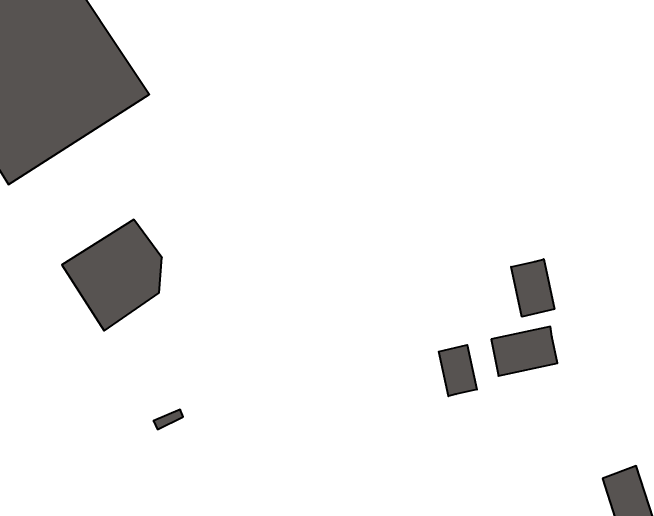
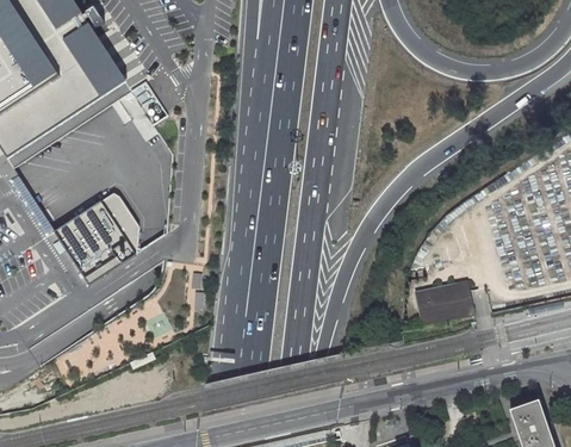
building: [511,259,554,317] -> none
building: [439,345,477,396] -> none

